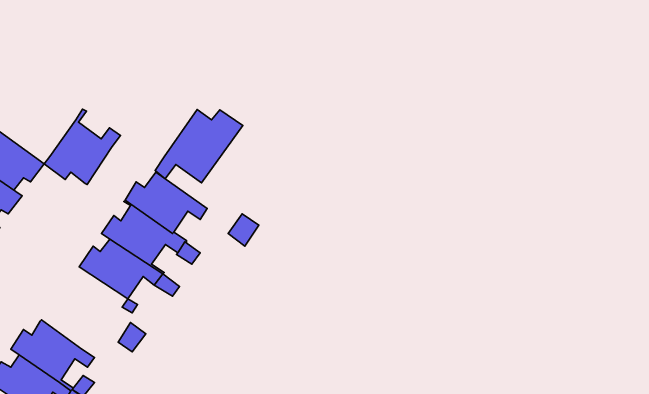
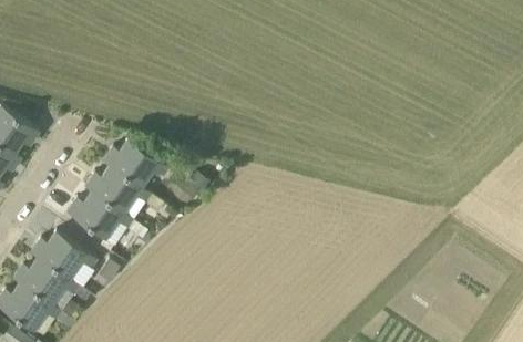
building: [44,109,121,184] -> none
building: [155,110,243,183] -> none
building: none -> [30,231,96,287]

